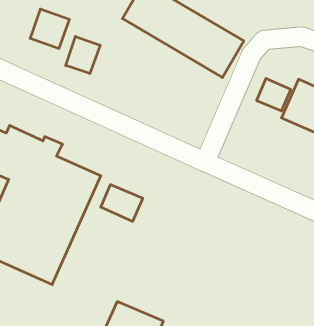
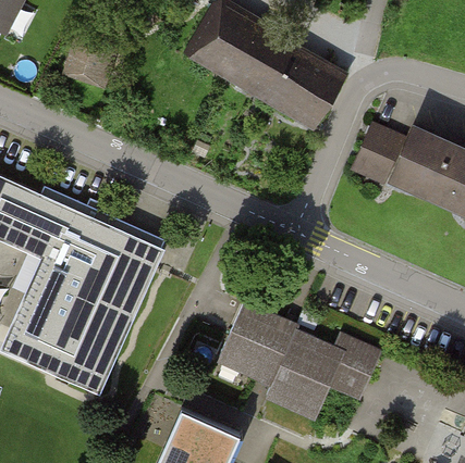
building: [66,36,100,74] -> none
building: [101,185,143,221] -> none
building: none -> [218,306,380,420]

